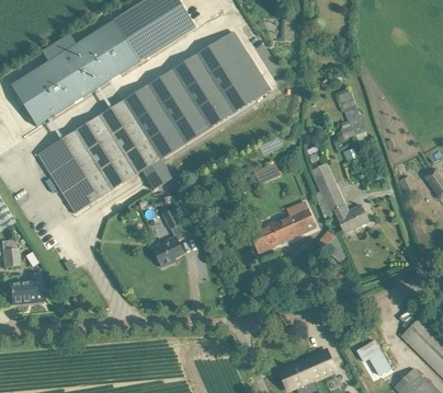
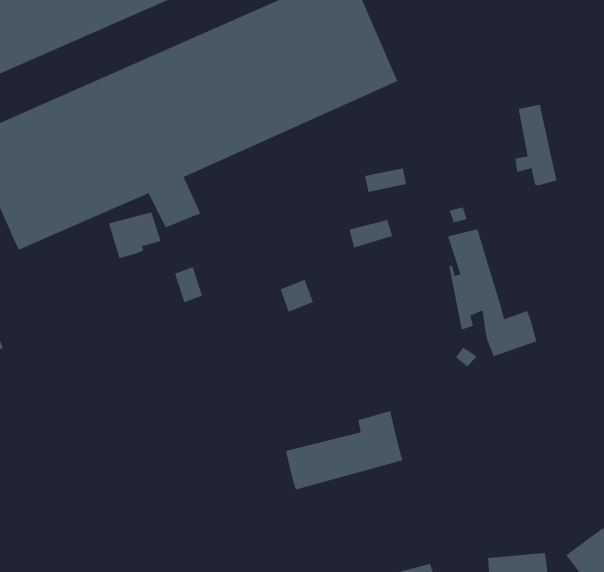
building: [250,200,316,252] -> [285,411,403,490]
building: [152,238,183,266] -> [108,212,161,259]

